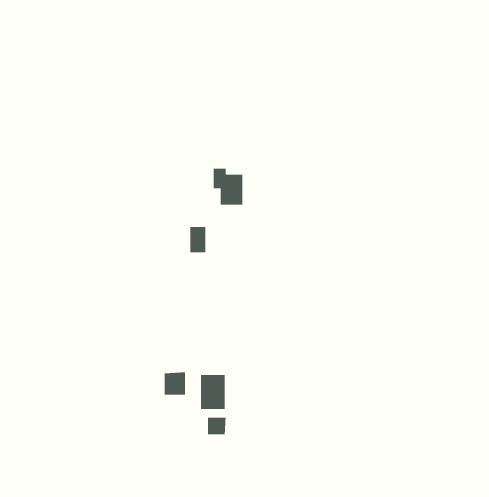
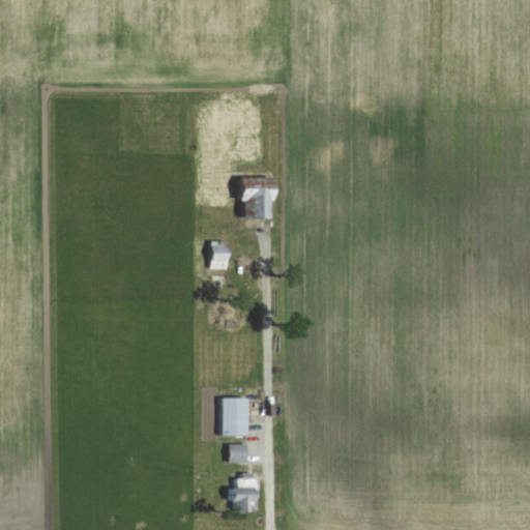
building: [164,372,185,395] -> none
building: none -> [228,475,257,510]

